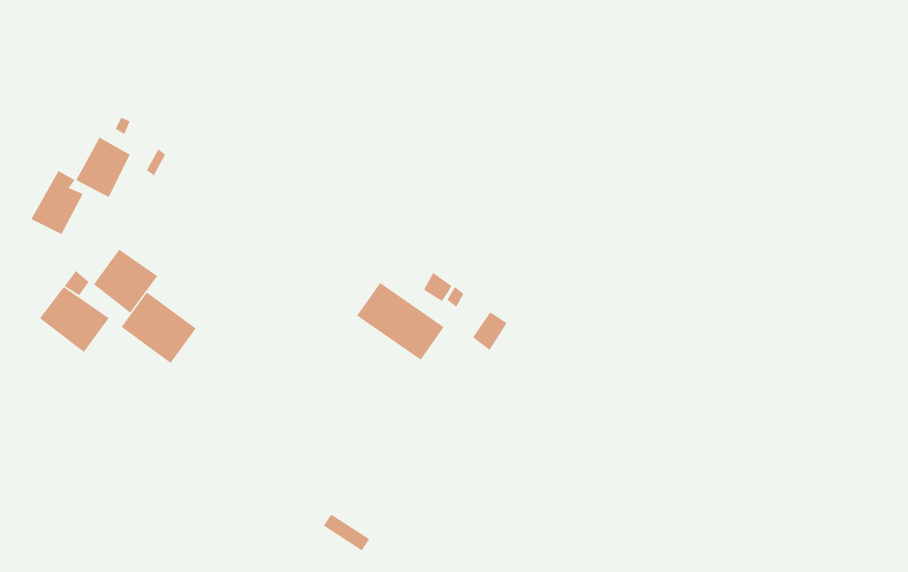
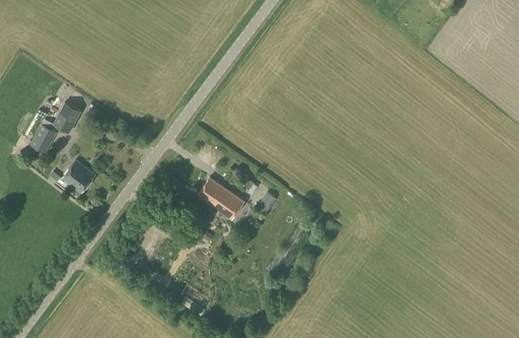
building: [39,286,109,353] -> none
building: [121,292,197,364] -> none

